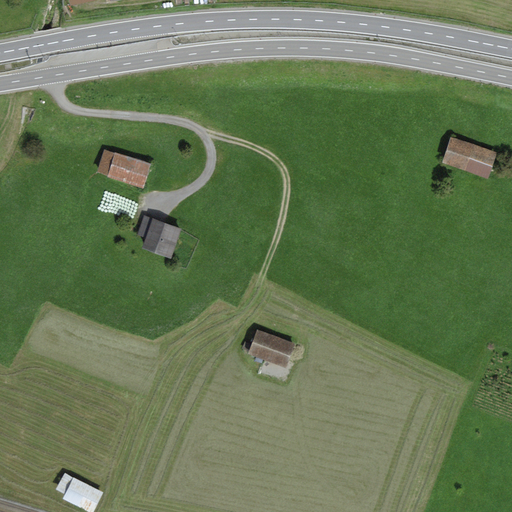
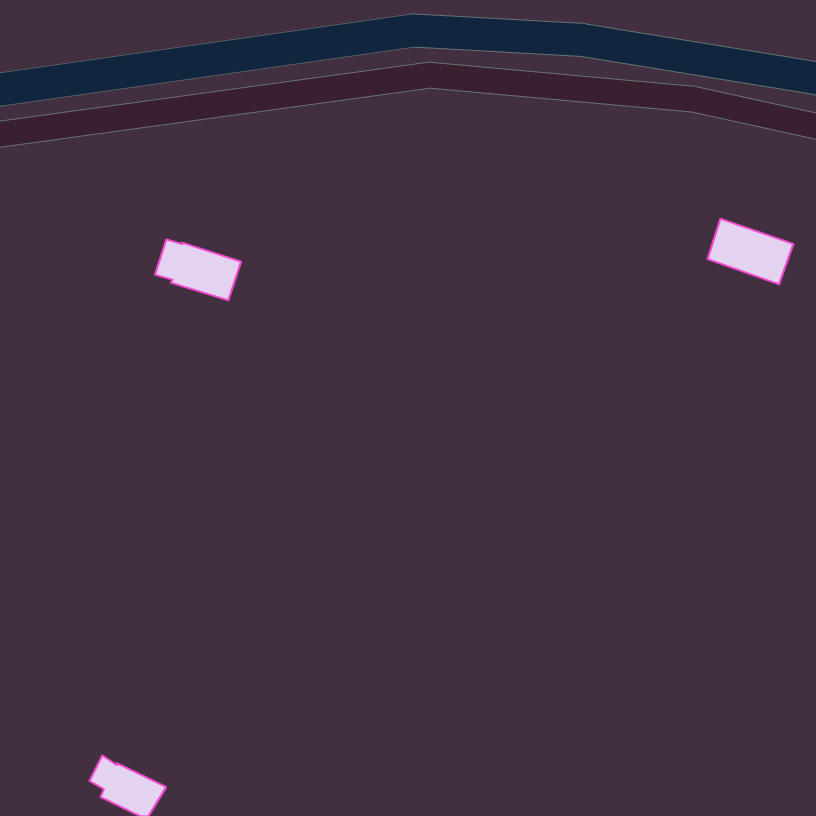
building: [137,215,181,258] -> none
building: [249,329,297,366] -> none

